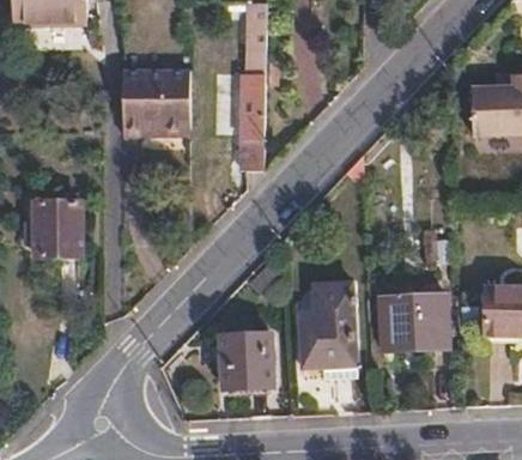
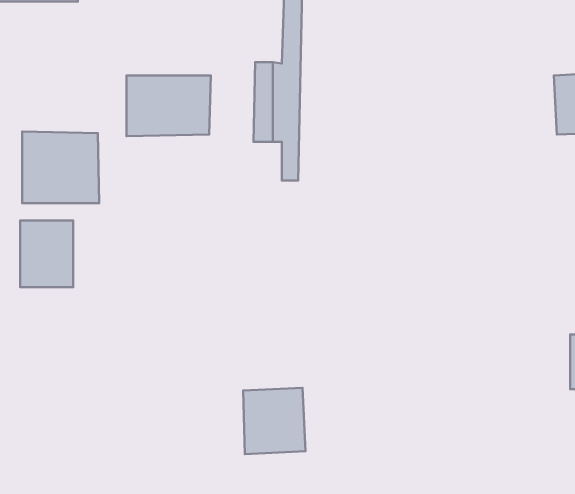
building: none -> [22,131,99,203]
building: [301,284,357,380] -> none
building: [382,293,448,350] -> none

